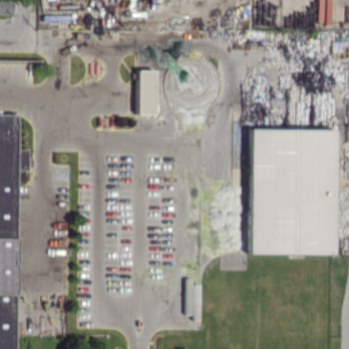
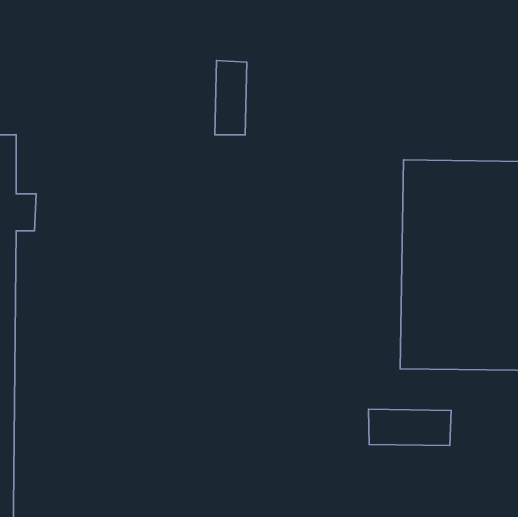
building: none -> [368,409,451,446]

